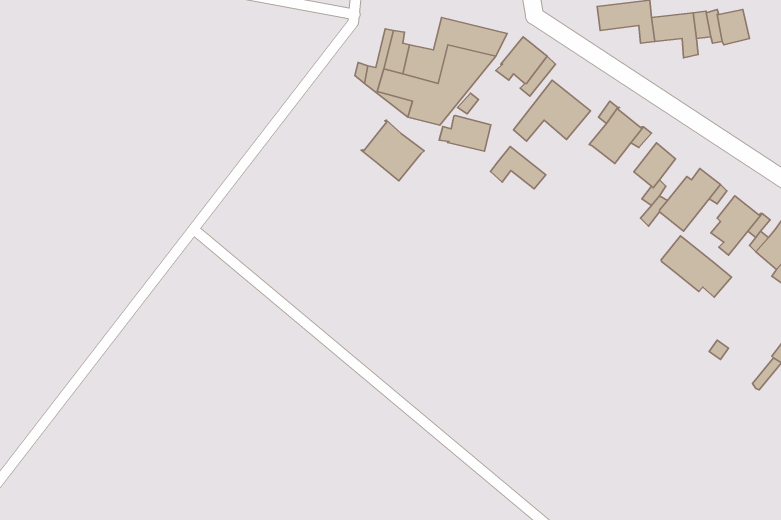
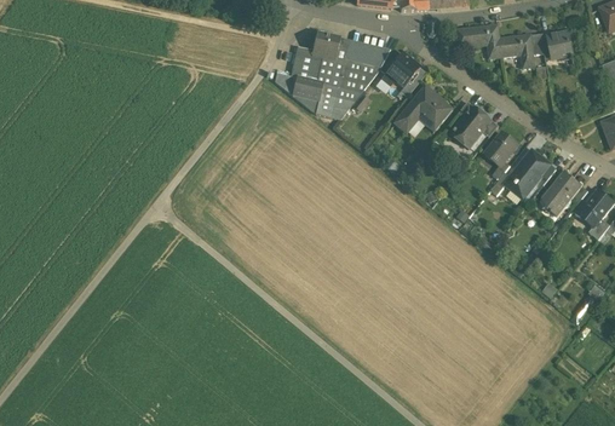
building: none -> [311,31,340,62]
building: [439,115,491,151] -> none
building: [361,120,424,181] -> none
building: [490,147,546,189] -> none
building: [661,236,731,297] -> none

